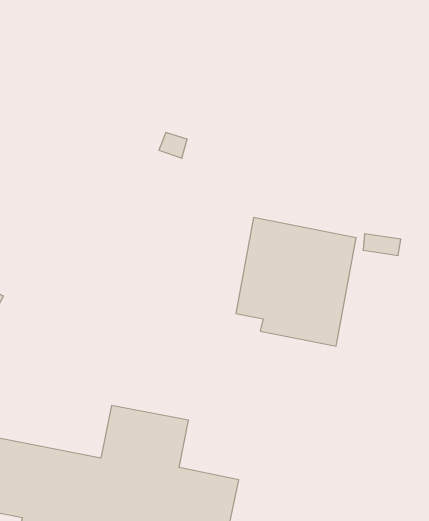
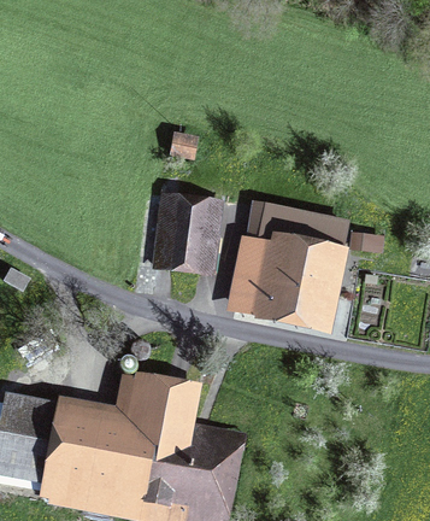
building: none -> [158,199,217,265]

